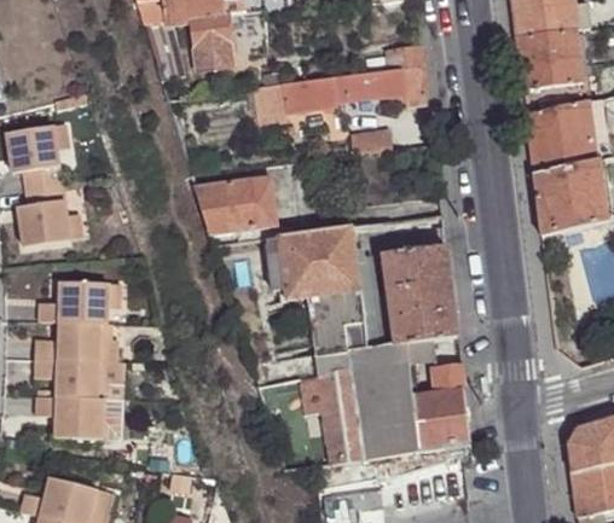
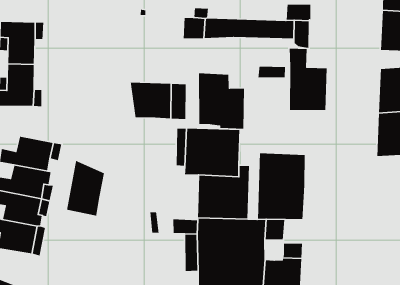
building: none -> [289,48,327,111]
building: none -> [198,73,245,130]
building: none -> [66,160,105,217]

